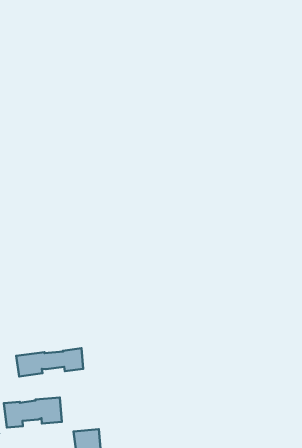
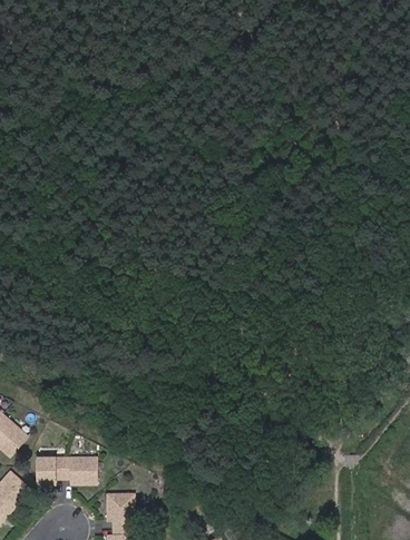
building: [16,348,83,376] -> none

